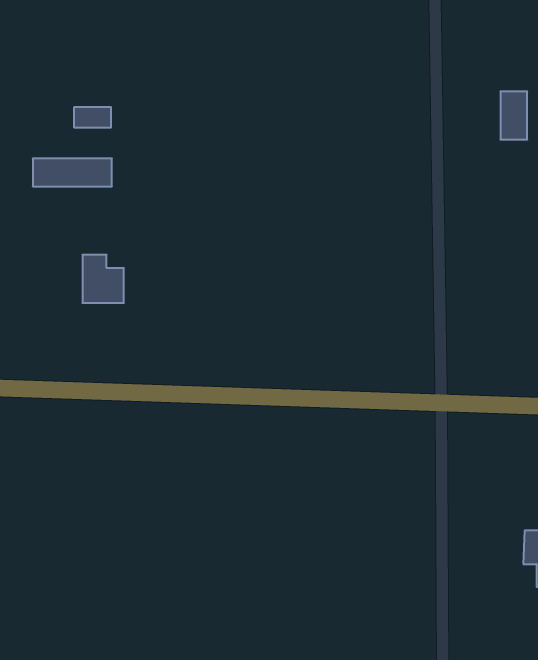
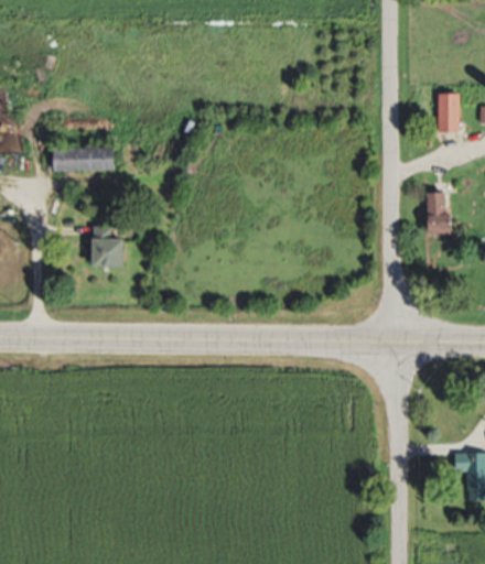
building: [74,107,111,128] -> none
building: none -> [429,193,454,234]

